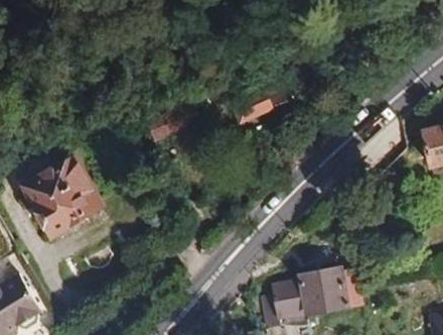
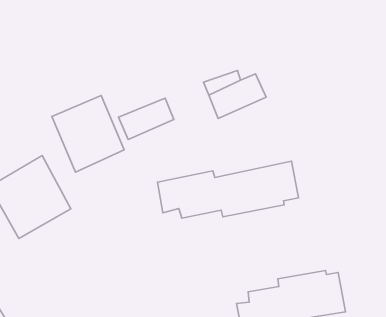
building: none -> [52,95,124,172]
building: none -> [157,161,299,218]

